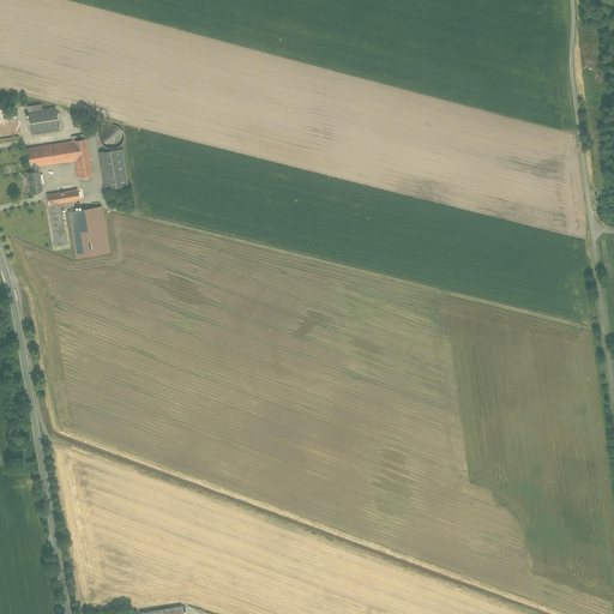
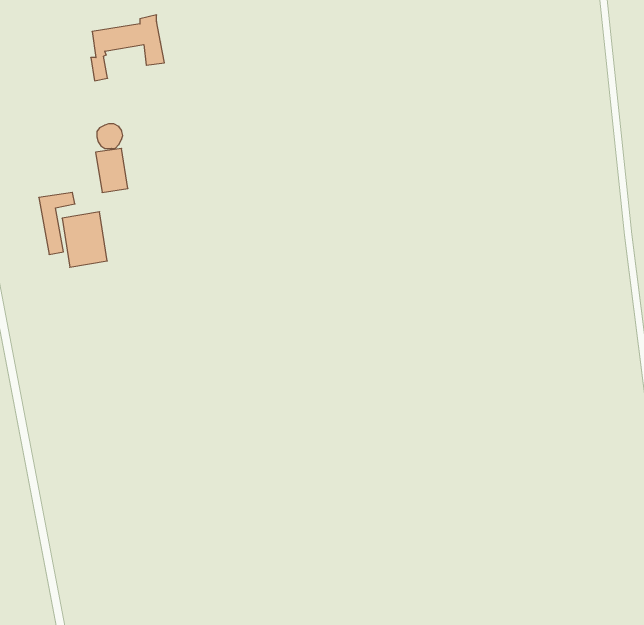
building: [28,106,59,134] -> none
building: [25,132,94,193] -> [91,15,164,81]

